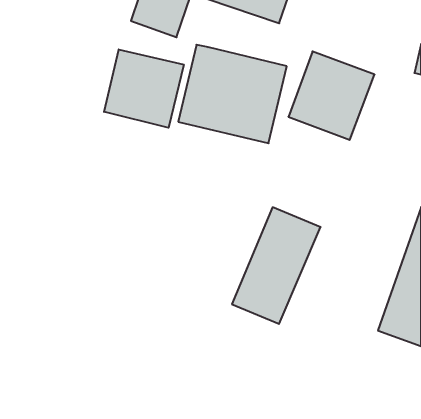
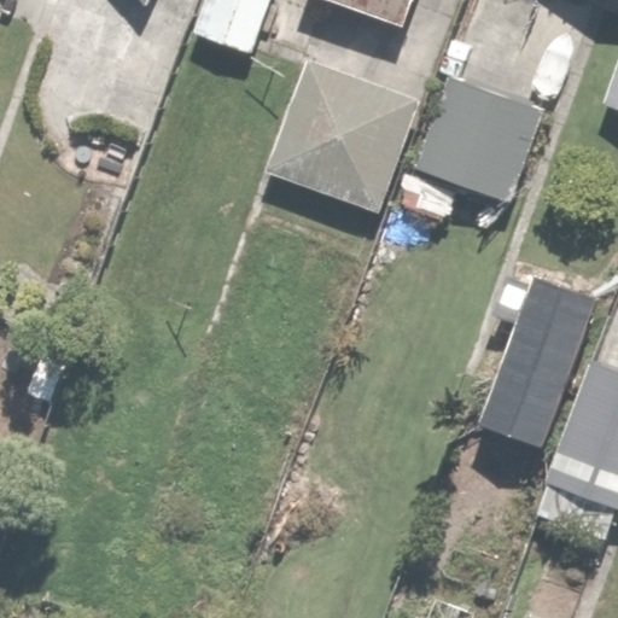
building: [104,49,184,128] -> none
building: [232,207,321,324] -> [473,269,602,439]

